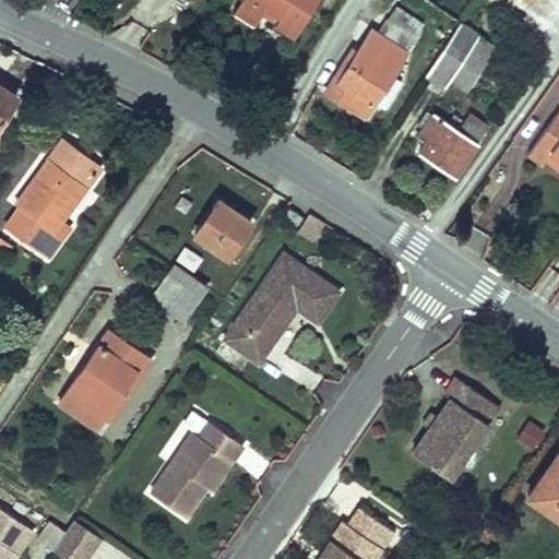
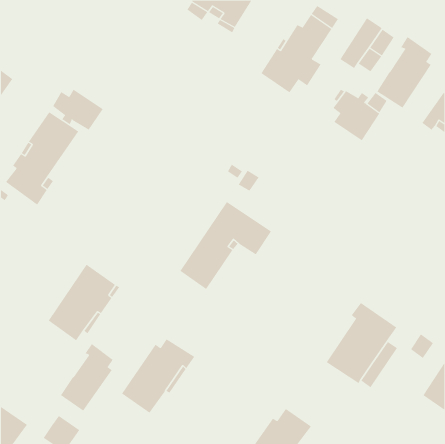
building: none -> [377,36,432,109]
building: none -> [53,89,104,131]
building: [195,202,250,257] -> none
building: [150,265,206,323] -> none
building: none -> [60,343,114,412]

